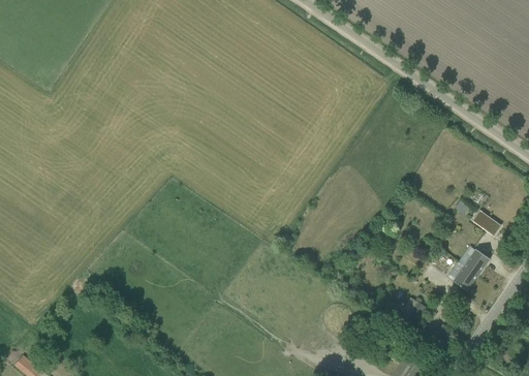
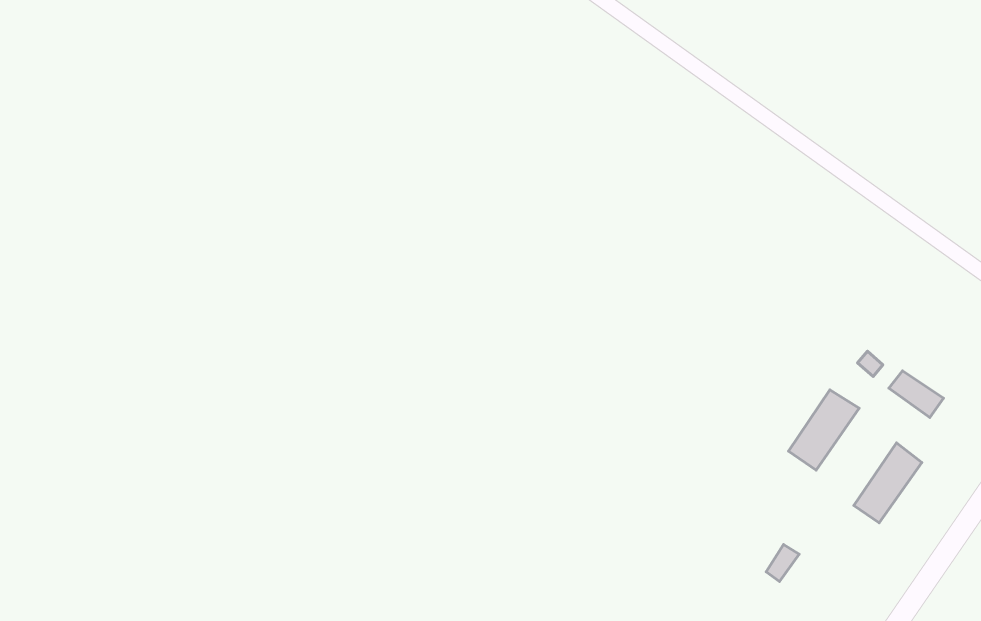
building: none -> [788,390,859,470]

